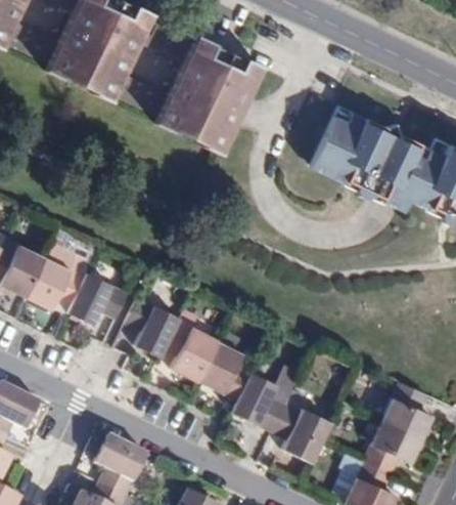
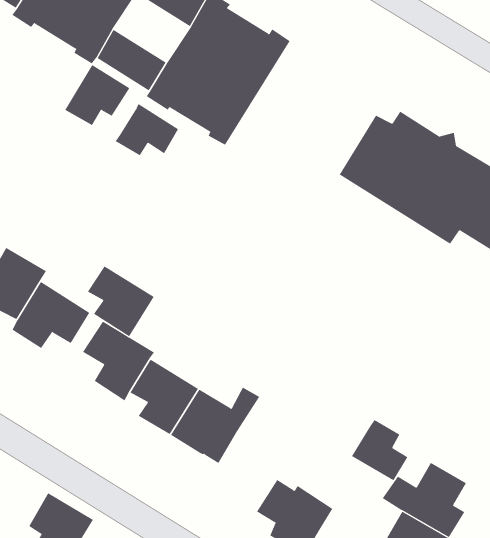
building: none -> [65,64,130,126]
building: none -> [115,103,179,156]
building: none -> [87,265,154,337]
building: none -> [351,419,408,481]
building: [231,372,284,432] -> none

